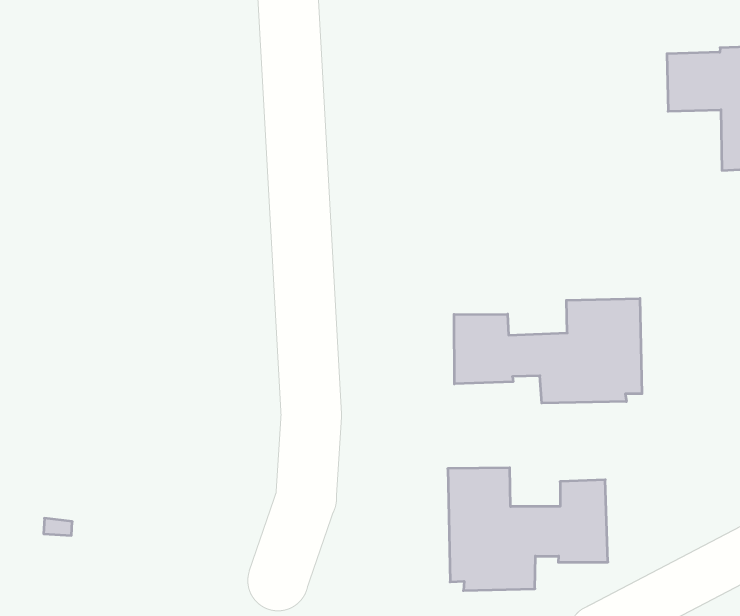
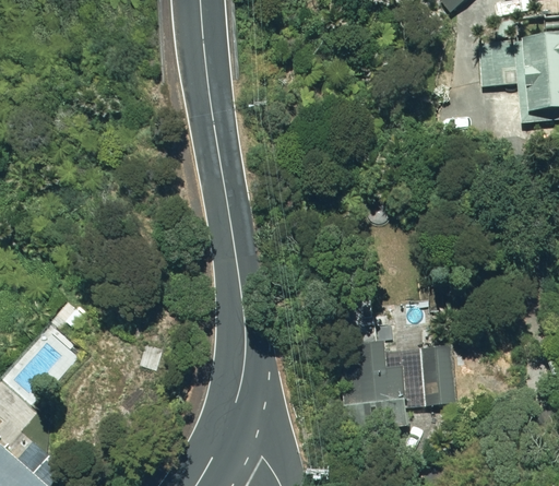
building: [454,298,642,403] -> none

